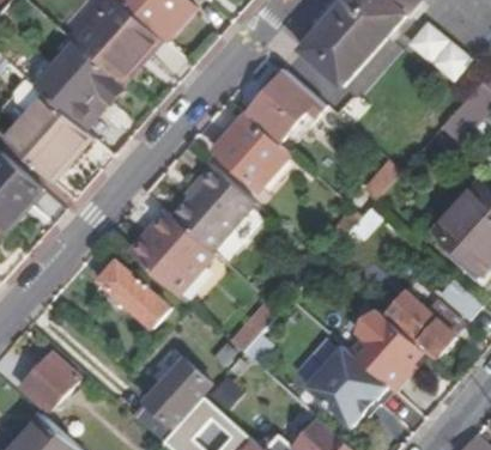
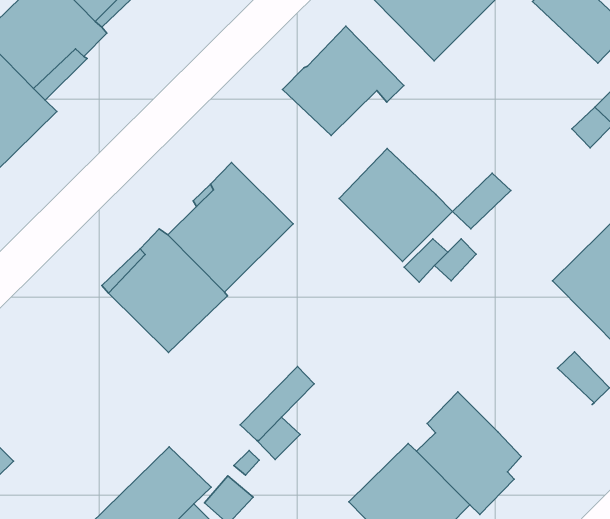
building: [212,114,289,189] -> [339,148,452,262]
building: [97,261,168,327] -> none
building: [387,292,453,359] -> none

